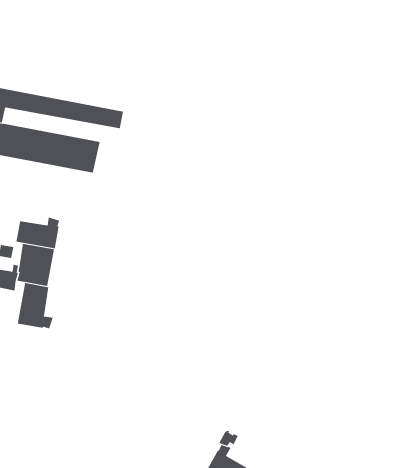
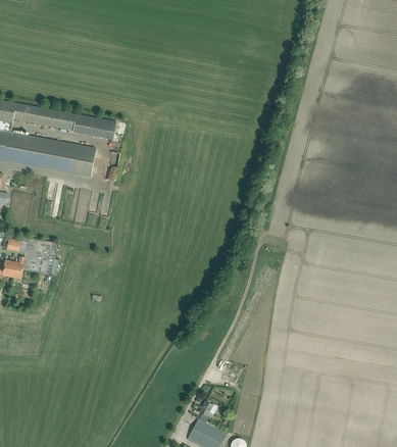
building: [16,217,60,249] -> none
building: [17,282,54,329] -> none

